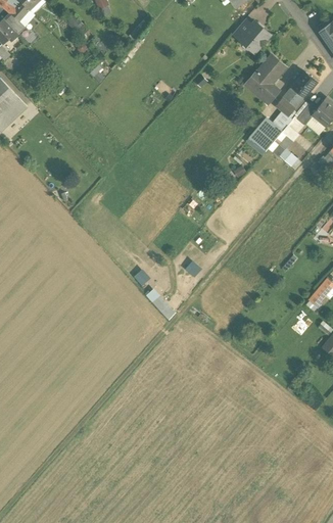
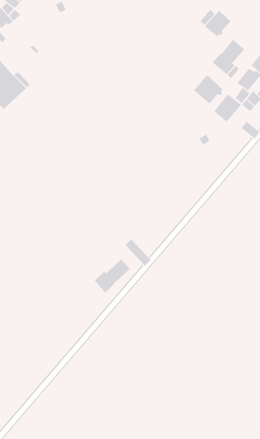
building: none -> [193,75,223,104]
building: none -> [94,259,131,293]

